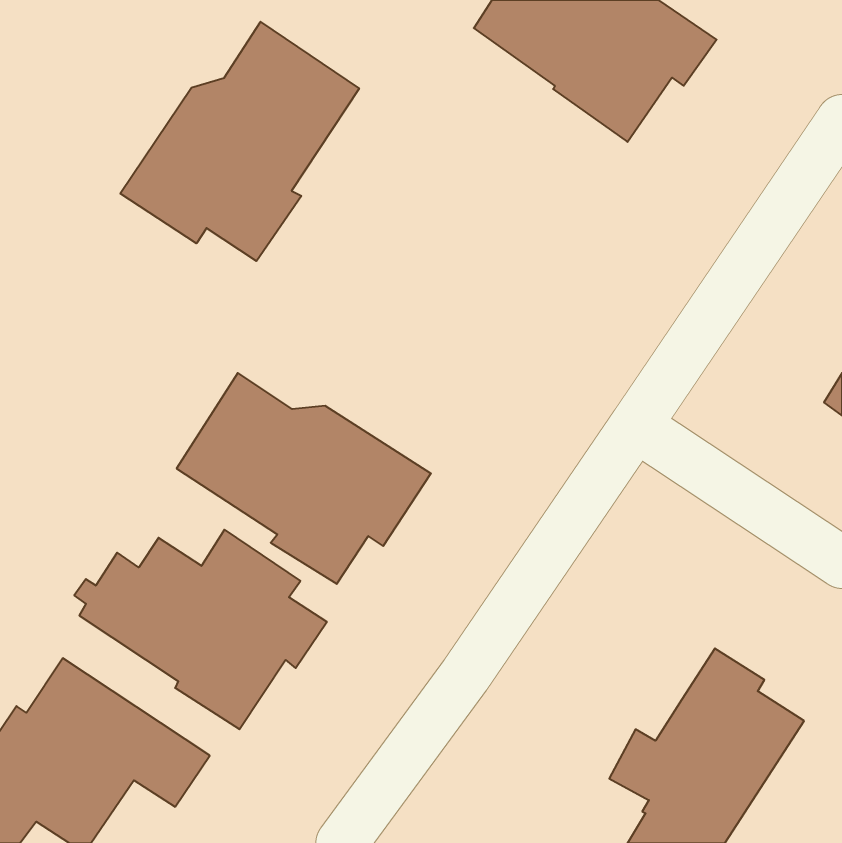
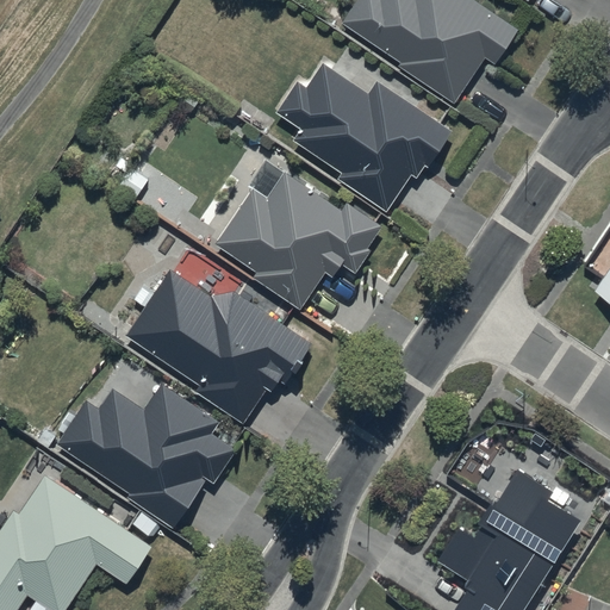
building: [120,22,359,261] -> none
building: none -> [276,64,450,208]
building: none -> [216,170,381,307]

